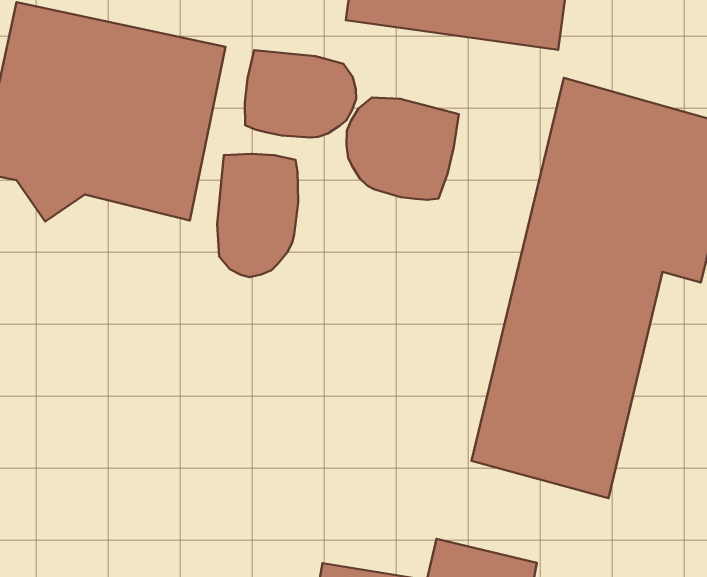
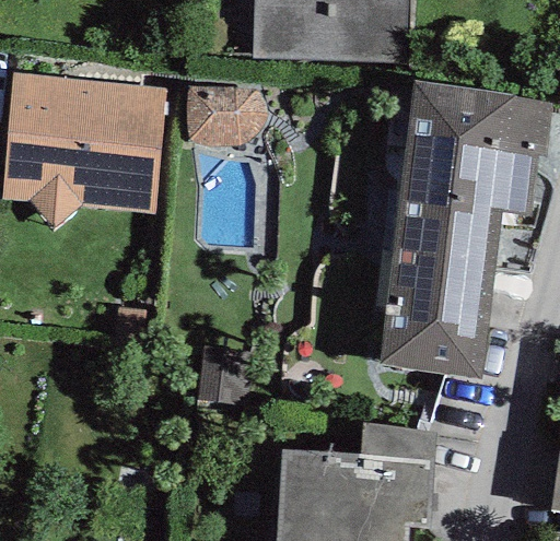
building: [347,97,459,200] -> none
building: [217,154,298,277] -> none

